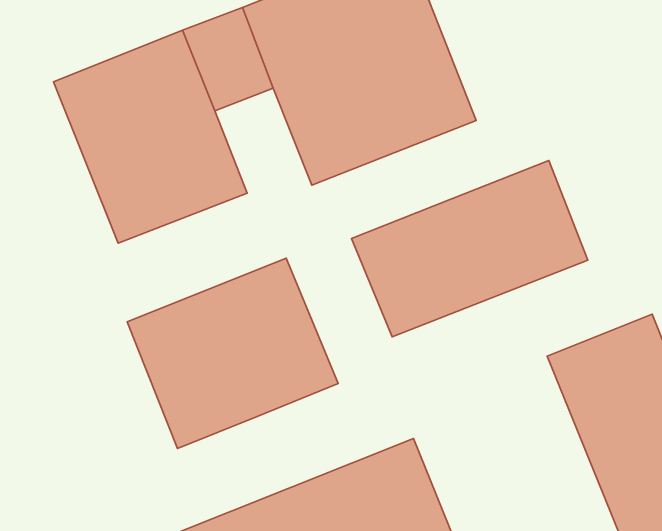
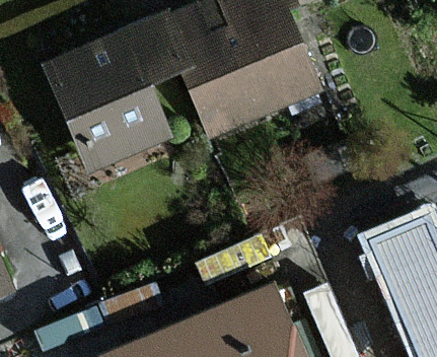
building: [352,161,588,337] -> none
building: [127,258,338,448] -> none

